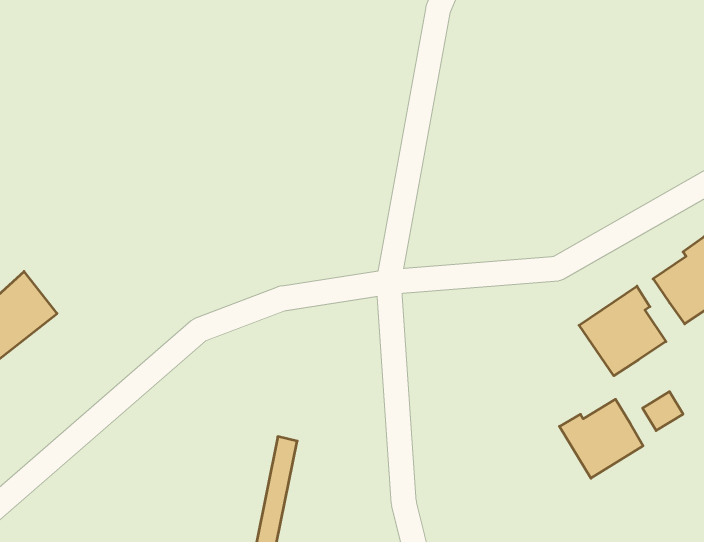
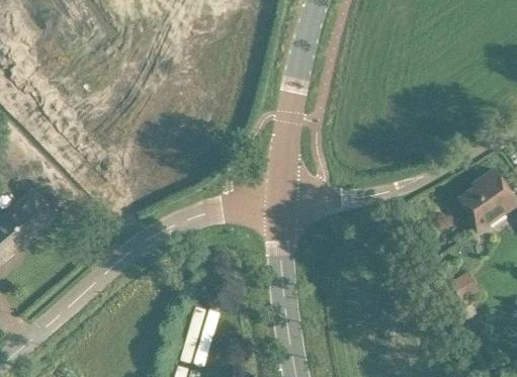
building: [579,286,666,376] -> none
building: [559,399,643,478] -> none

